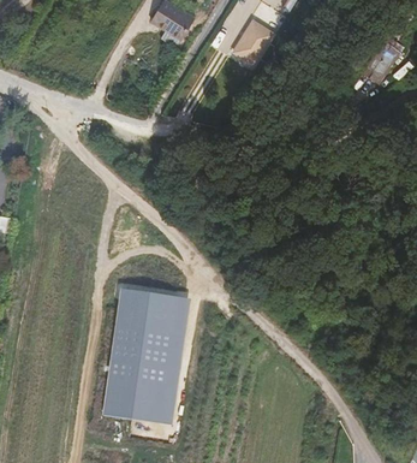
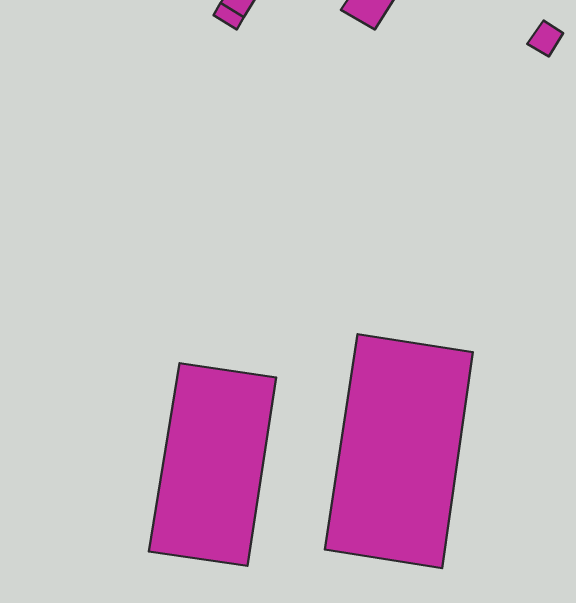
building: none -> [325,334,473,568]

